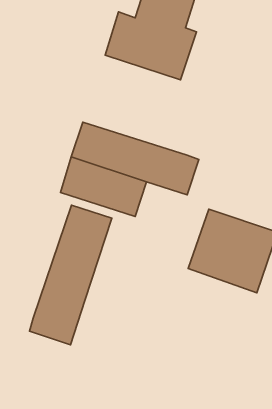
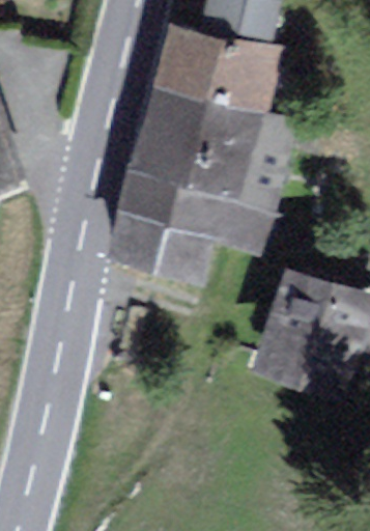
building: none -> [133,76,290,201]
building: [29,205,112,345] -> none

